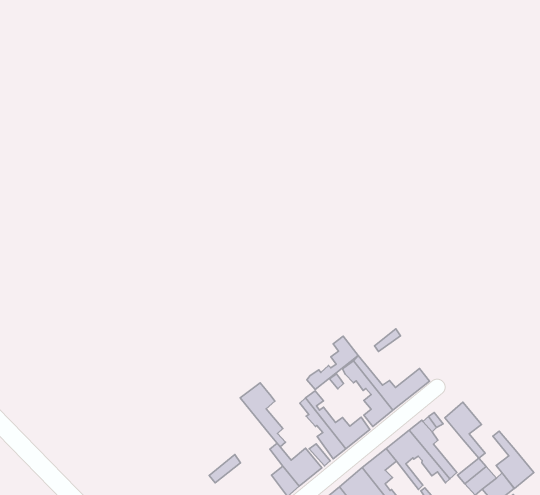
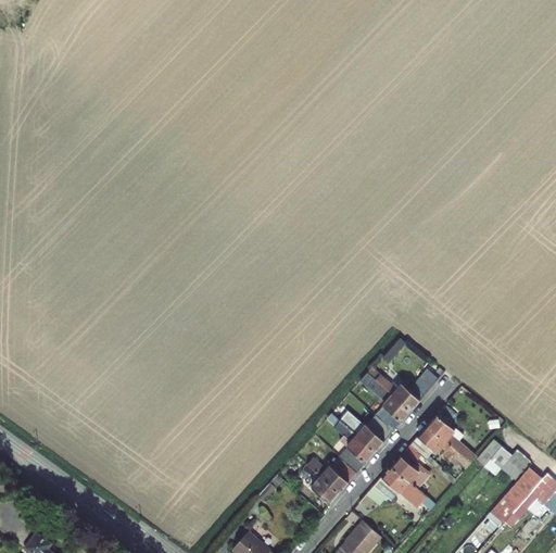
building: [307,336,358,389] -> none
building: [240,383,285,447] -> none
building: [445,402,485,458] -> none
building: [493,431,534,488] -> none

